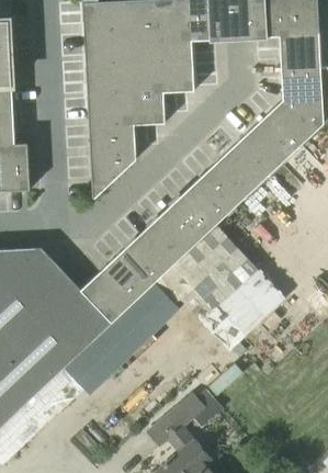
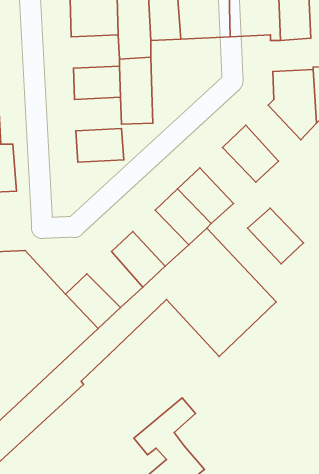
building: [84,36,132,69] -> none
building: [280,40,321,72] -> none
building: [162,41,194,92] -> none
building: [88,98,134,131] -> none
building: [256,105,309,160] -> none
building: [211,147,265,202] -> [248,208,304,264]
building: [91,159,136,198] -> none
building: [145,209,200,263] -> none
building: [100,249,155,304] -> none

